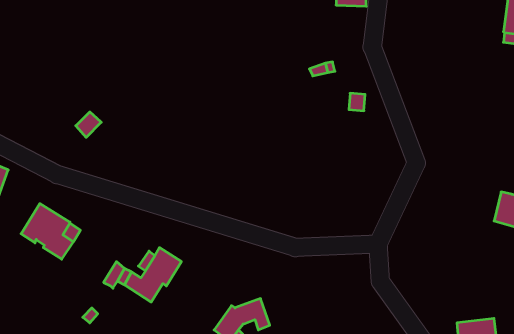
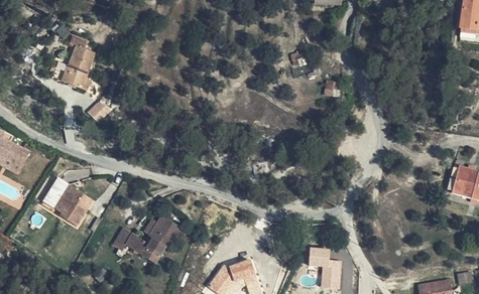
building: none -> [53,37,95,91]
building: none -> [309,246,342,286]

